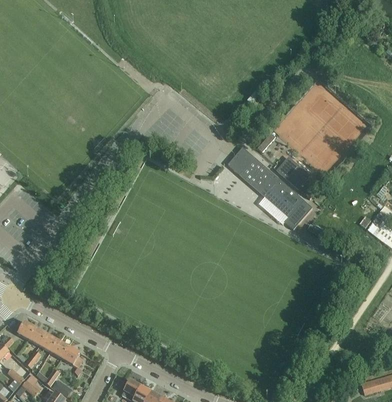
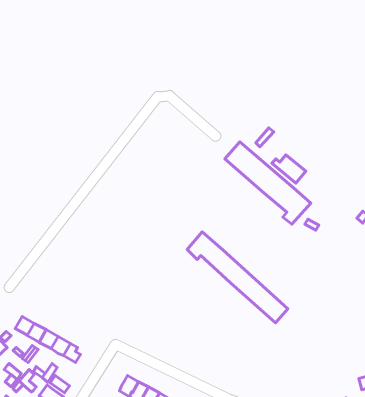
building: none -> [187,232,288,323]

